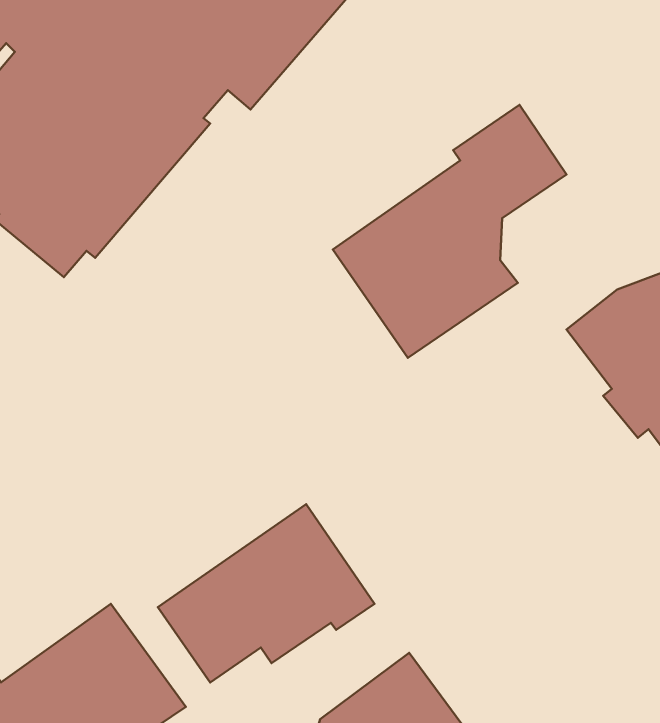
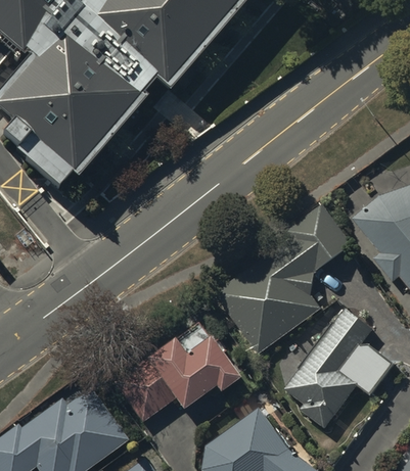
building: [333,105,567,358] -> [215,204,352,352]
building: none -> [285,310,396,430]

